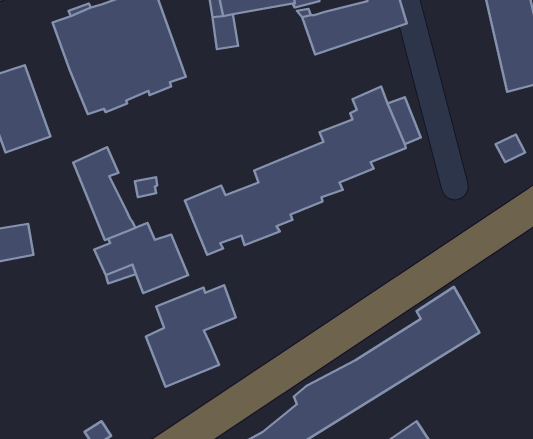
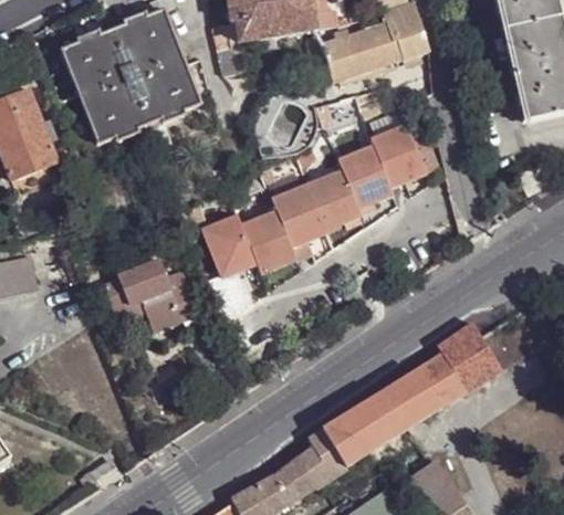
building: [73,147,135,240] -> none
building: [146,285,236,387] -> none

